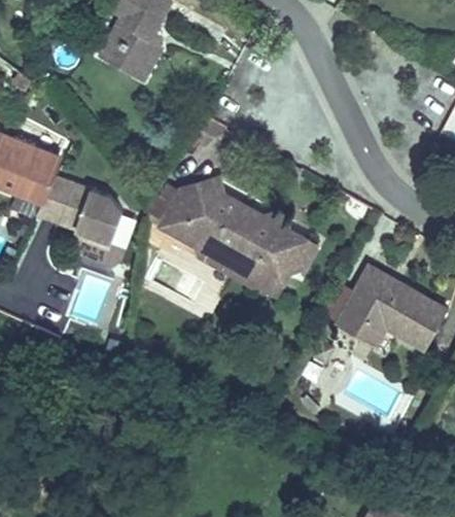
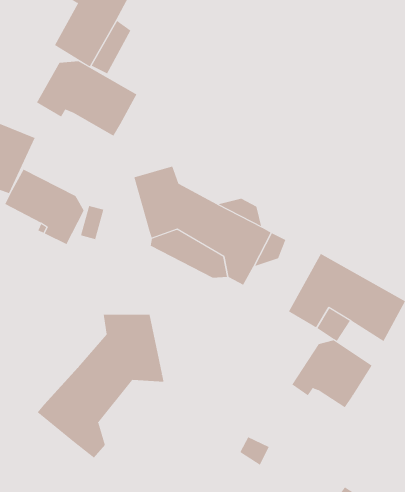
building: none -> [36,61,137,136]
building: [153,186,189,240] -> none
building: none -> [37,314,164,458]
building: none -> [292,340,372,408]

